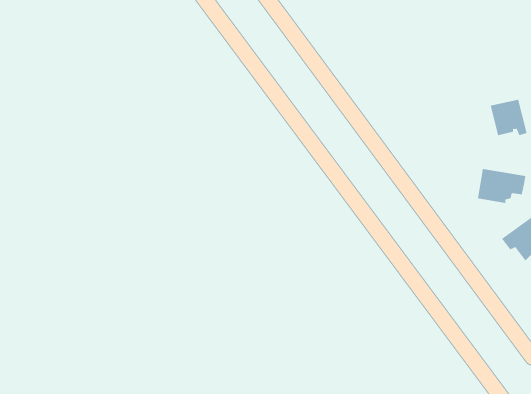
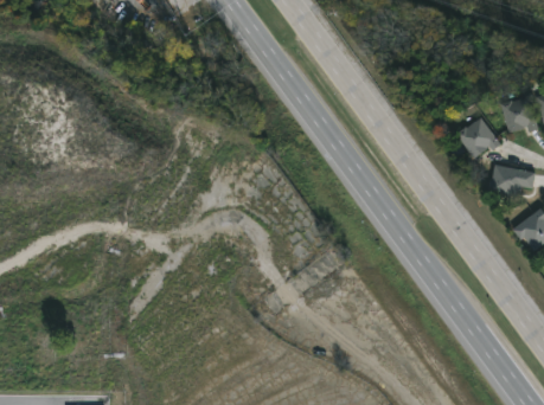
building: none -> [456,117,501,159]

